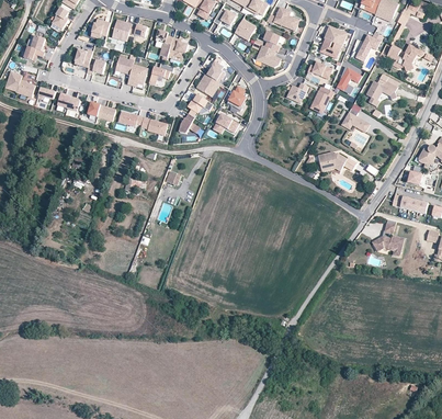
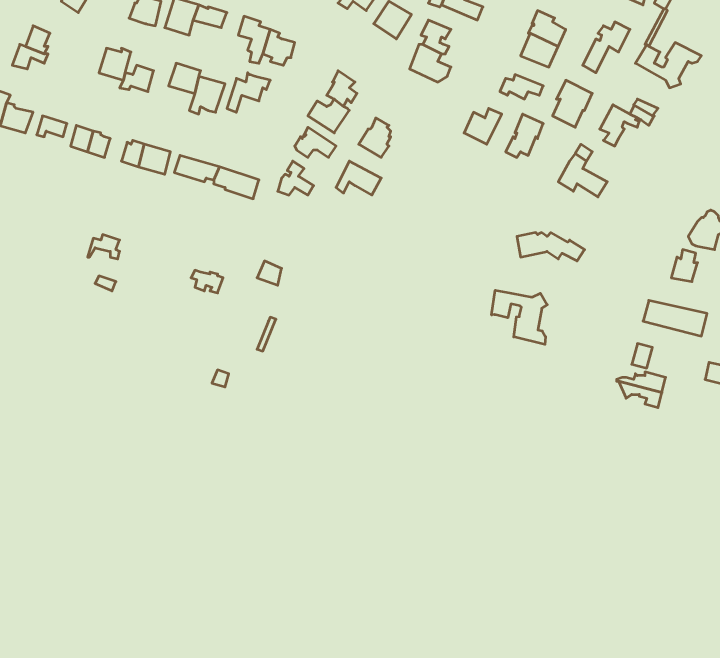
building: none -> [492,290,547,344]

